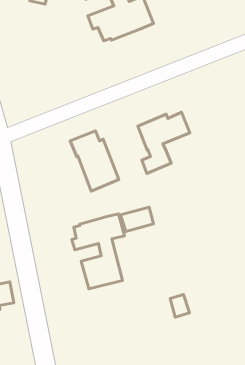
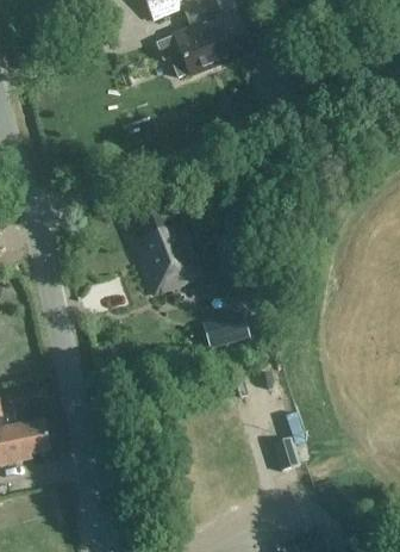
building: [138,112,190,174] -> none
building: [72,214,124,289] -> none

